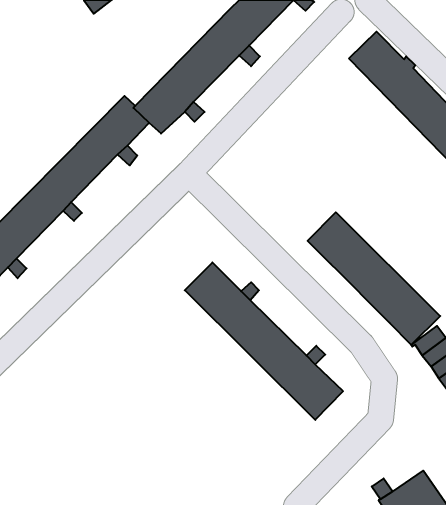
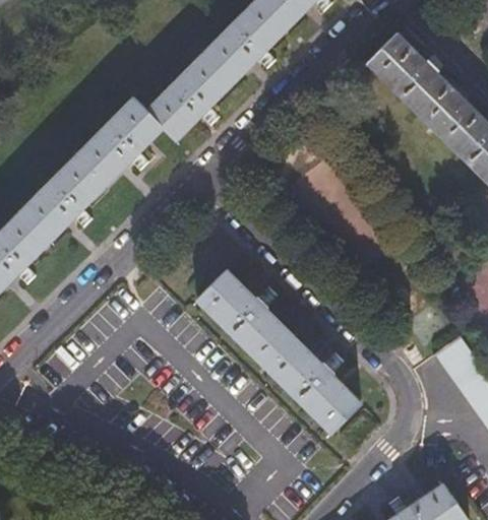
building: [308,212,440,345] -> none

